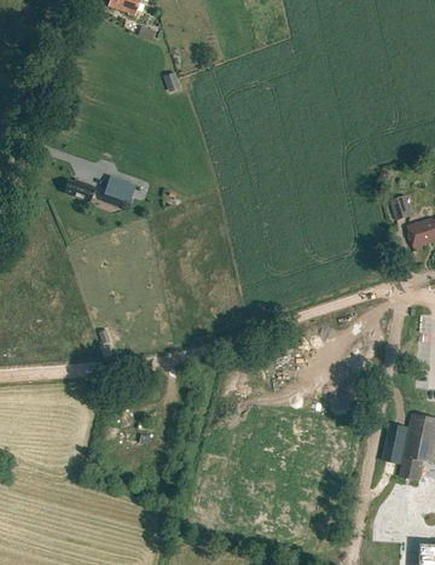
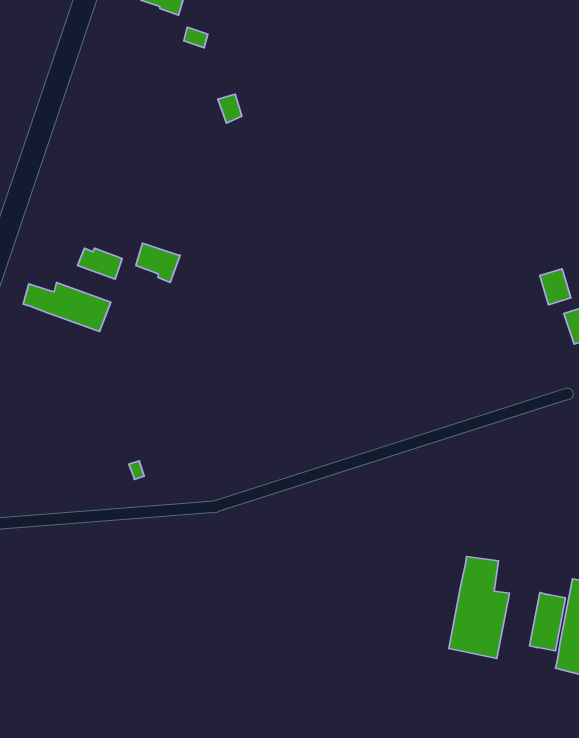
building: none -> [23,282,111,332]
building: none -> [449,557,509,658]

